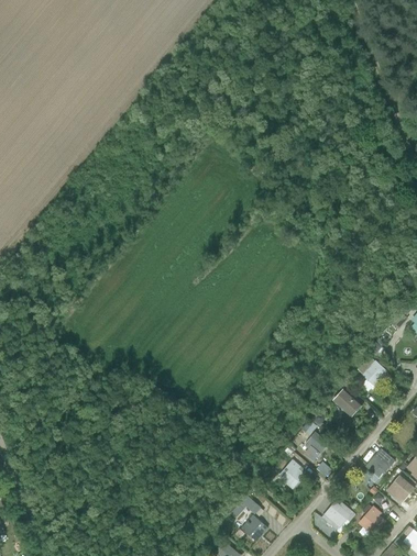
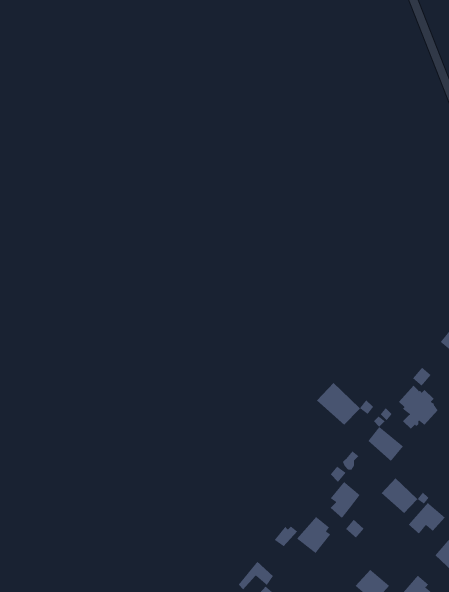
building: none -> [316,382,374,426]
building: none -> [381,478,429,514]

